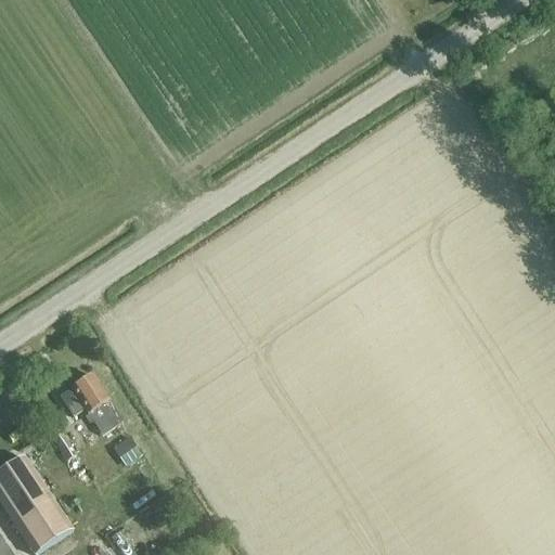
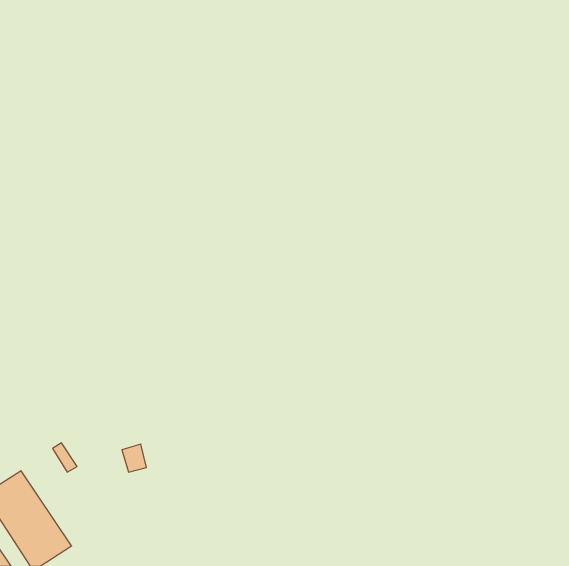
building: [57,375,120,433] -> none

